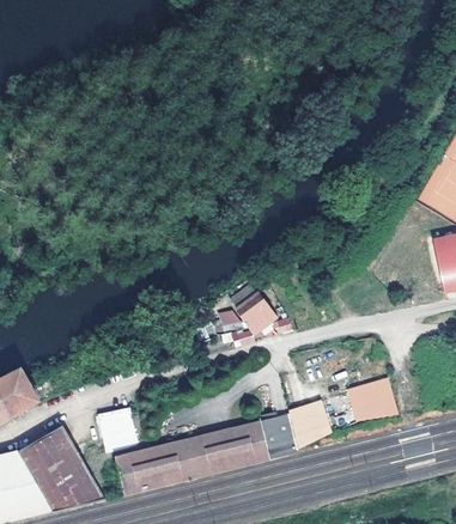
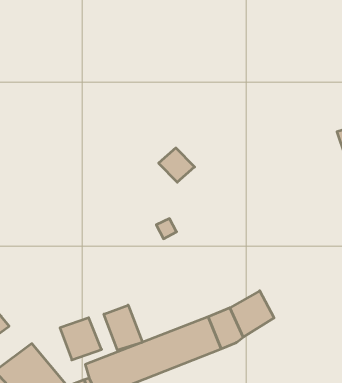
building: [236,295,275,334] -> [159,148,195,182]
building: [346,373,399,420] -> none
building: none -> [104,305,142,350]

